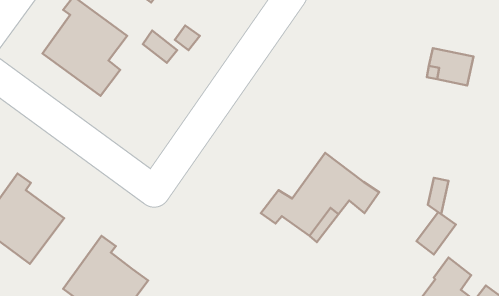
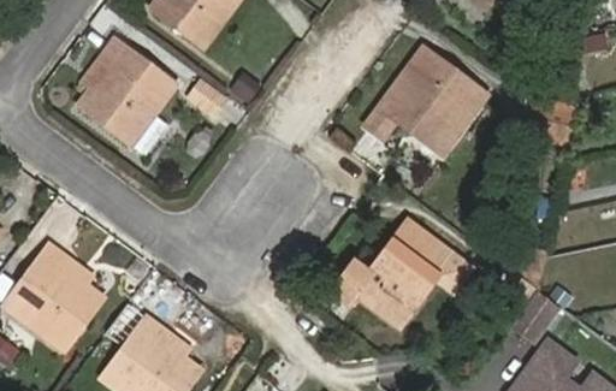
building: none -> [365,47,485,152]

